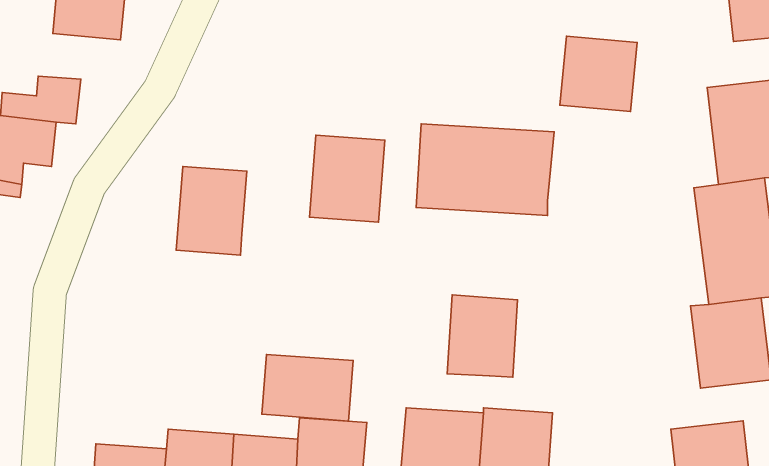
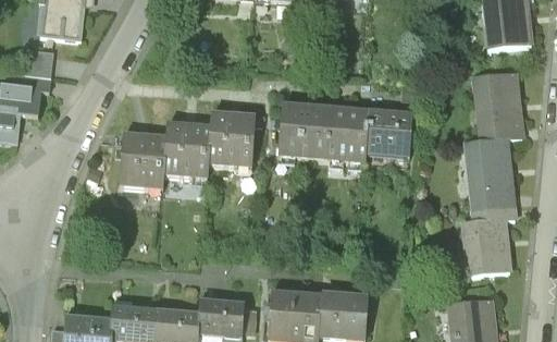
building: [560,36,637,112] -> [364,108,416,158]
building: none -> [162,121,210,180]
building: [447,295,518,377] -> none
building: [262,354,353,421] -> none

